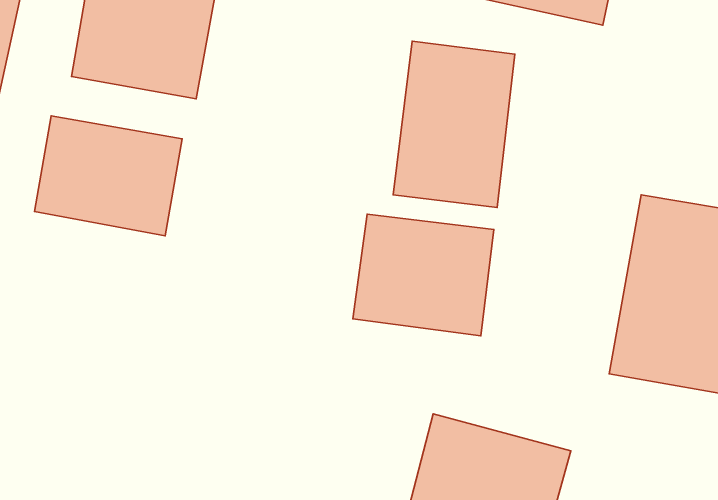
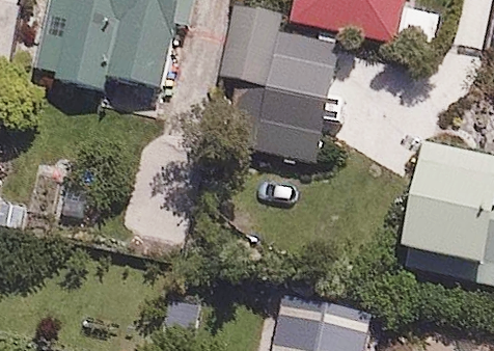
building: [34,116,182,236] -> none
building: [353,214,494,336] -> none

